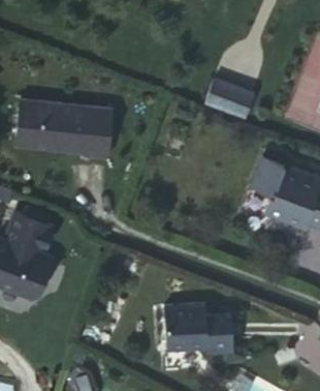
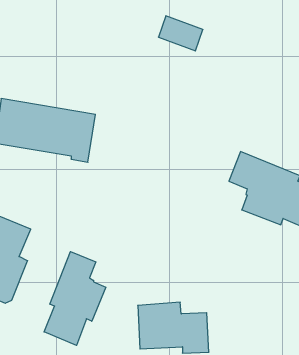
building: [207,81,251,115] -> [158,16,203,51]
building: none -> [44,252,106,345]

